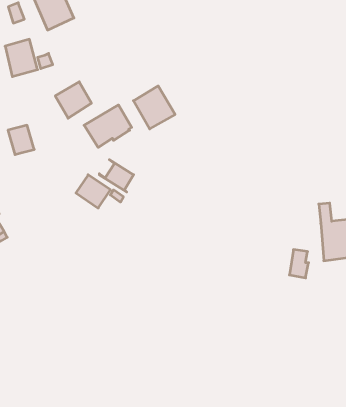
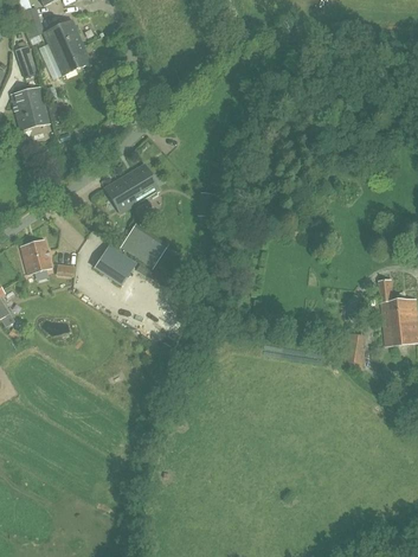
building: [55,82,91,118] -> none
building: [133,86,175,129] -> none
building: [8,125,34,155] -> [20,238,51,273]

